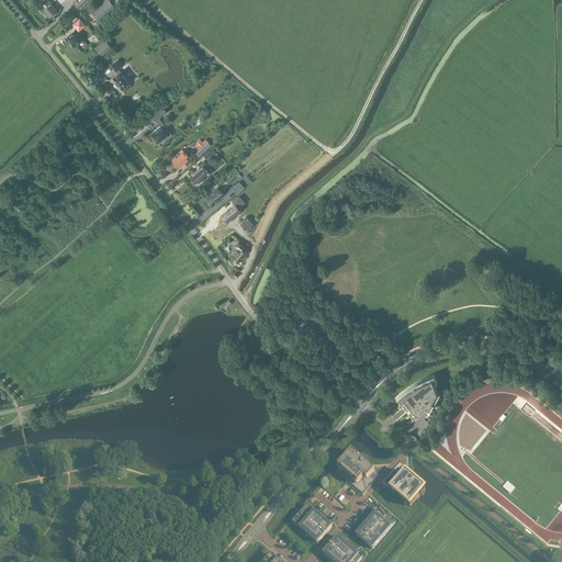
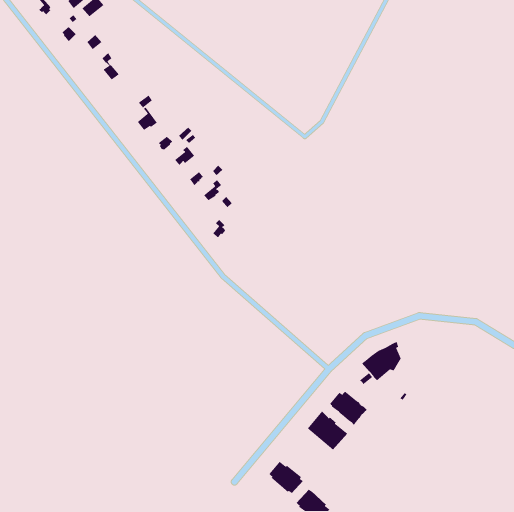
building: [383,465,425,504] -> [329,391,367,426]
building: [356,507,393,546] -> none

